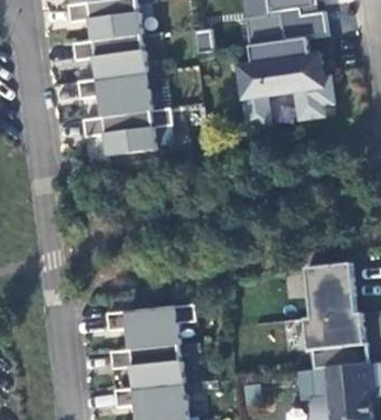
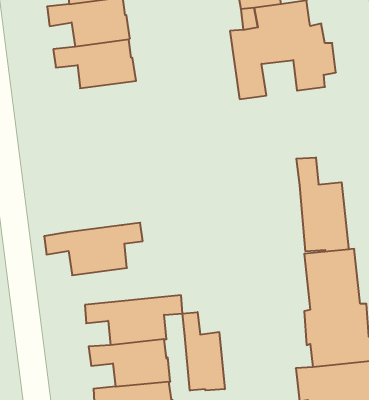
building: [85,108,174,155] -> [44,223,143,275]
building: none -> [296,157,349,252]
building: none -> [182,312,225,391]

